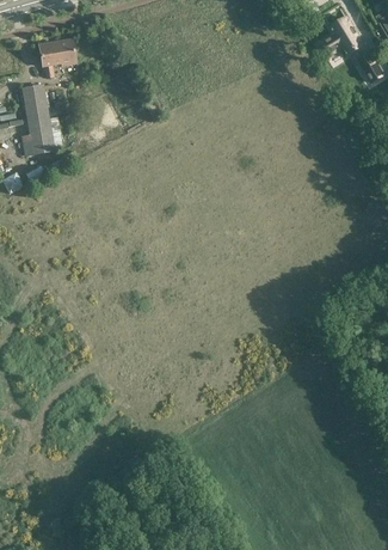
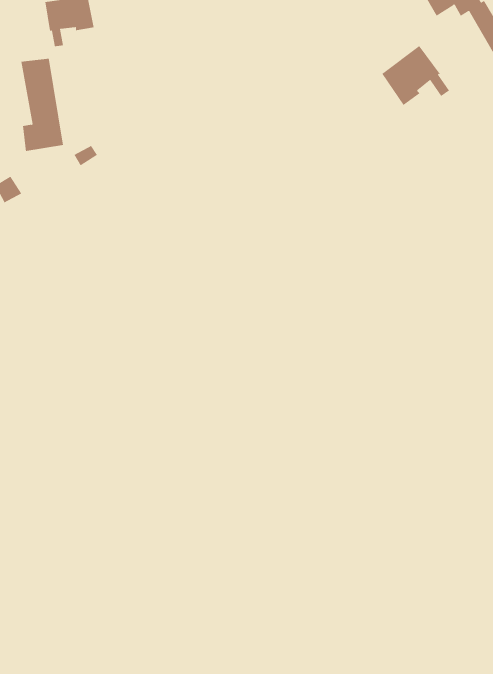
building: none -> [381,45,450,106]

